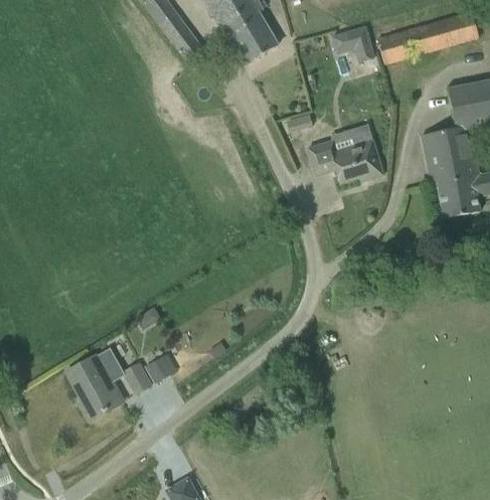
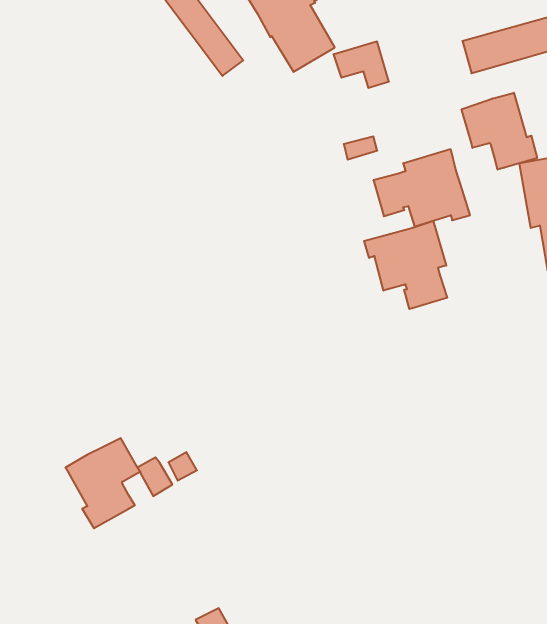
building: [331,25,374,61] -> [333,42,389,88]
building: none -> [462,93,537,170]
building: none -> [364,221,447,309]

